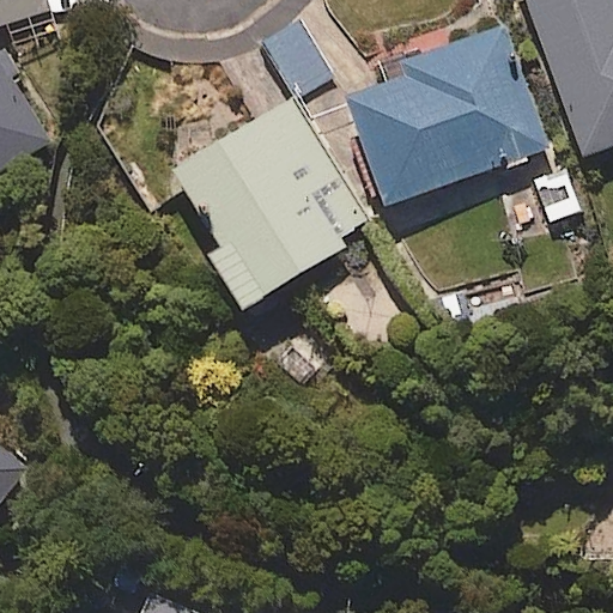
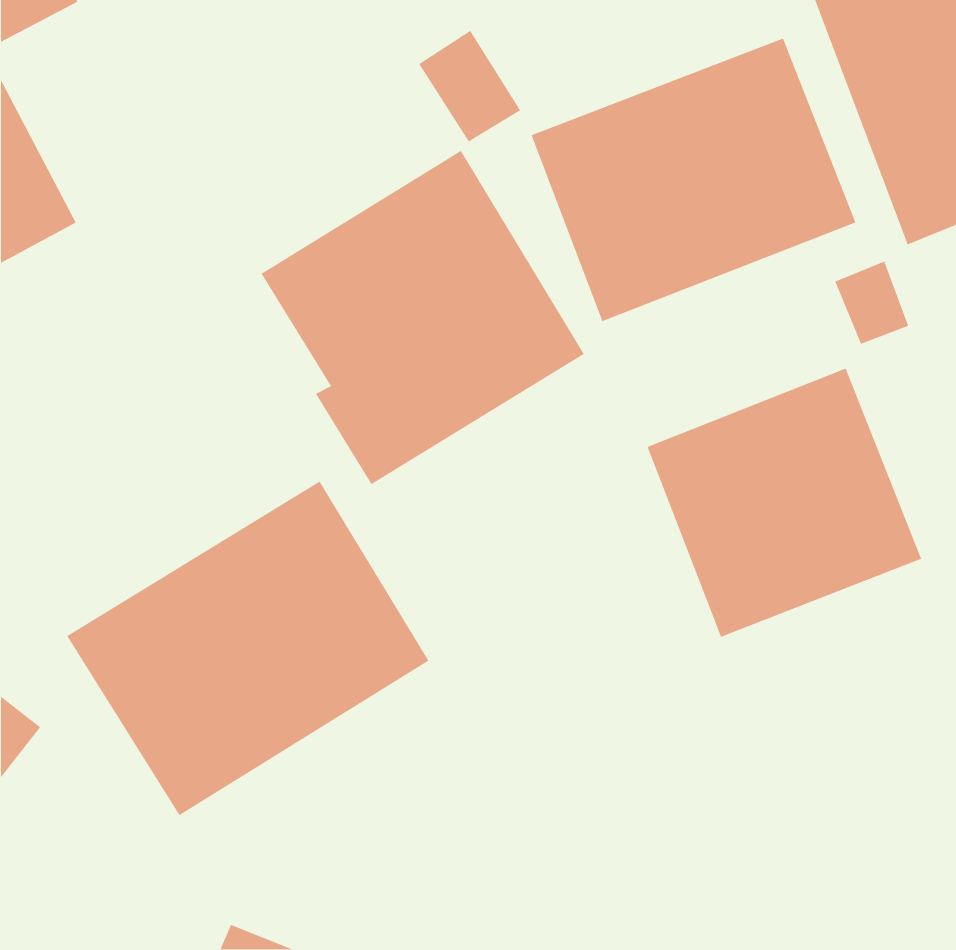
building: none -> [646,367,922,638]
building: none -> [66,480,430,816]

